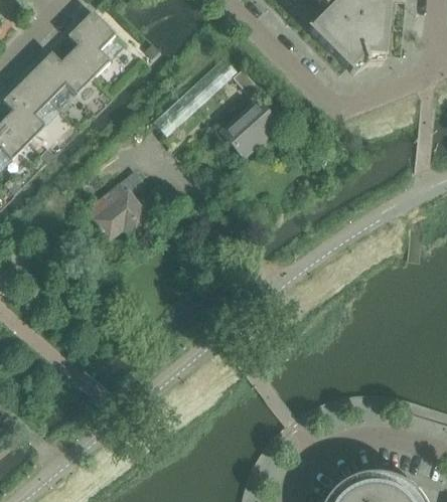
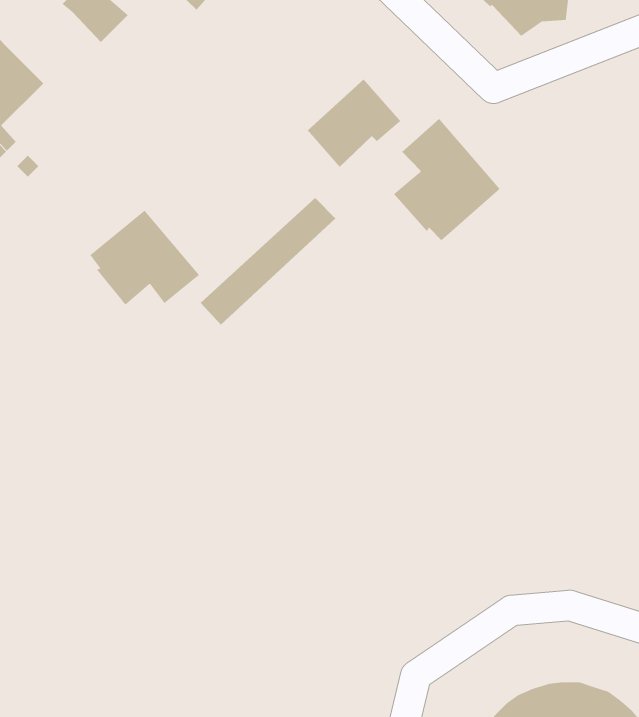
building: [35,55,99,103] -> none
building: [153,55,238,135] -> [200,197,336,325]
building: none -> [393,118,500,241]

